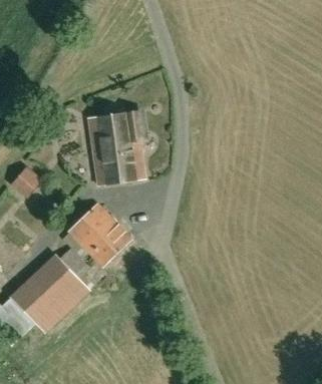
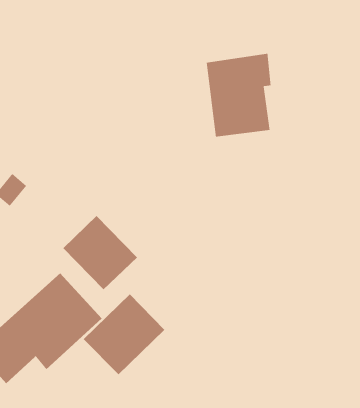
building: [87,111,143,183] -> [206,53,272,137]
building: none -> [83,294,165,375]

